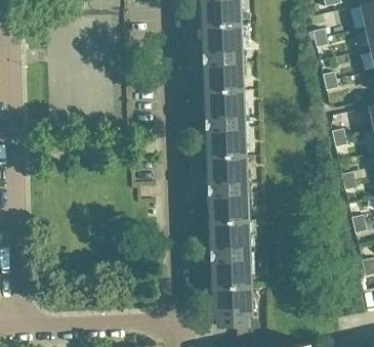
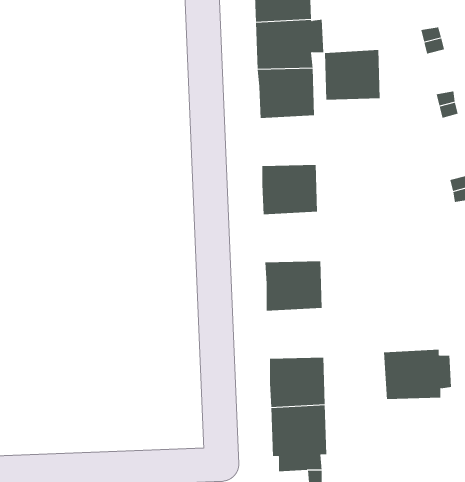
building: [204,88,242,122] -> [324,50,381,100]
building: [206,153,245,186] -> none
building: [208,217,254,251] -> [383,349,452,400]

